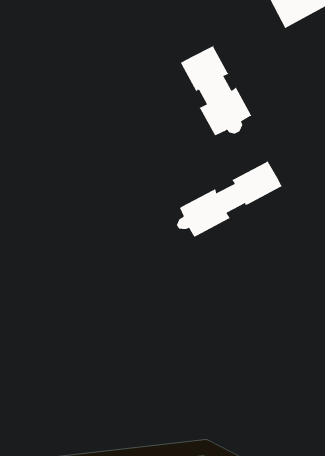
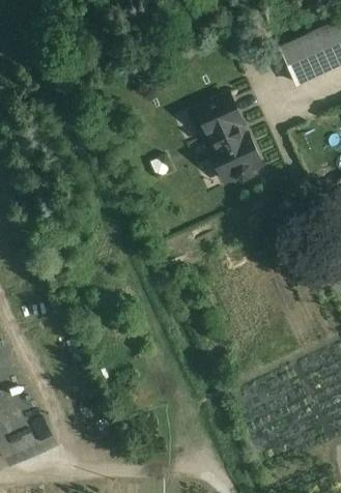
building: [176,160,282,238] -> none

